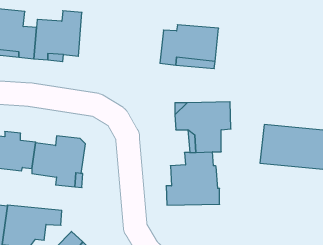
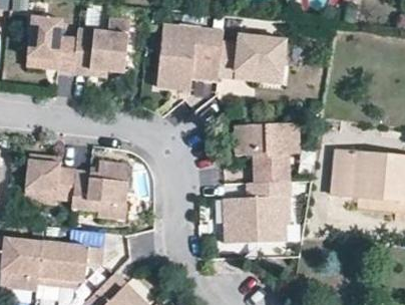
building: none -> [157,24,223,89]

